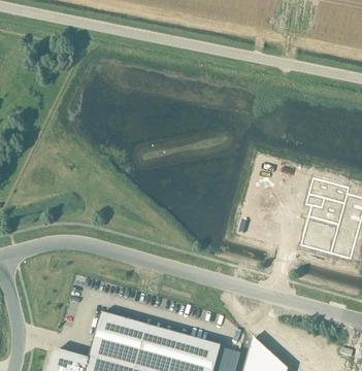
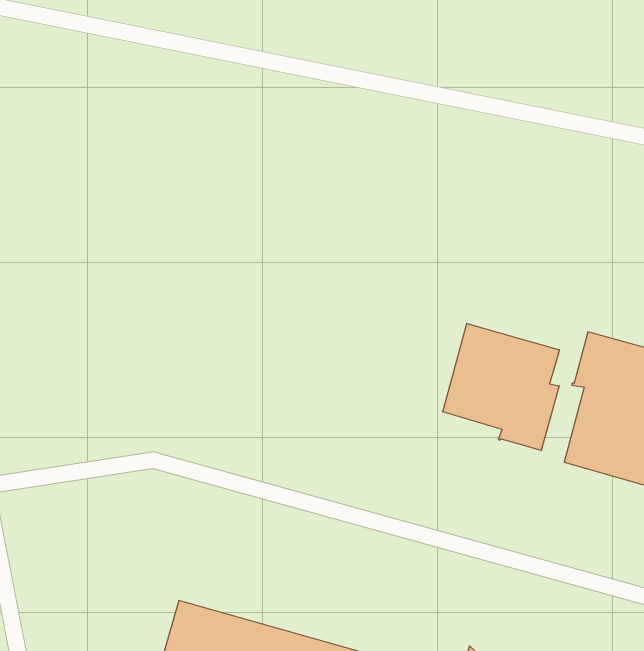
building: none -> [443,323,559,451]

